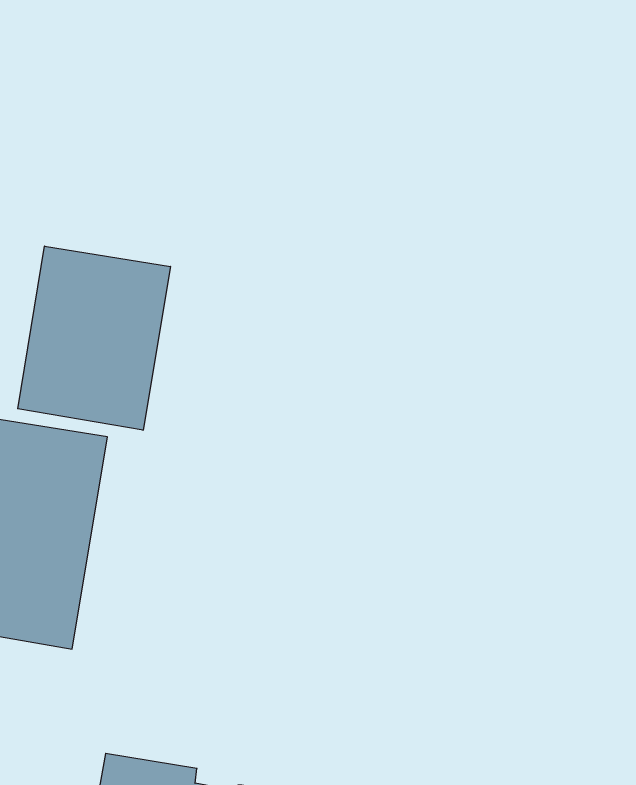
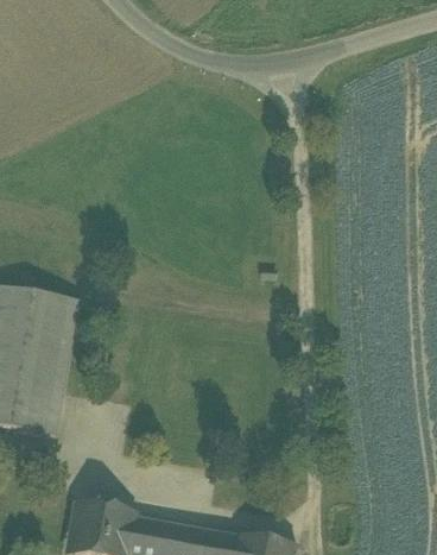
building: [18,246,170,430] -> none

